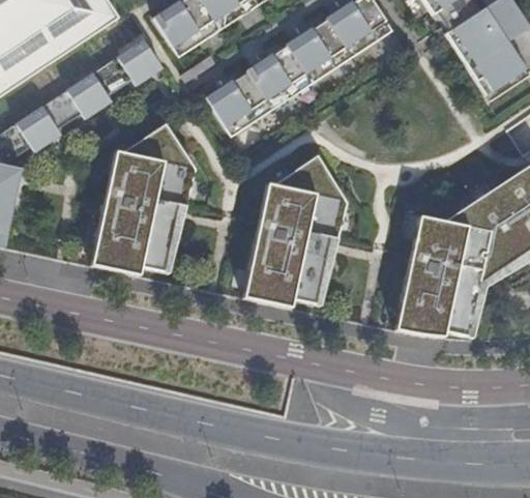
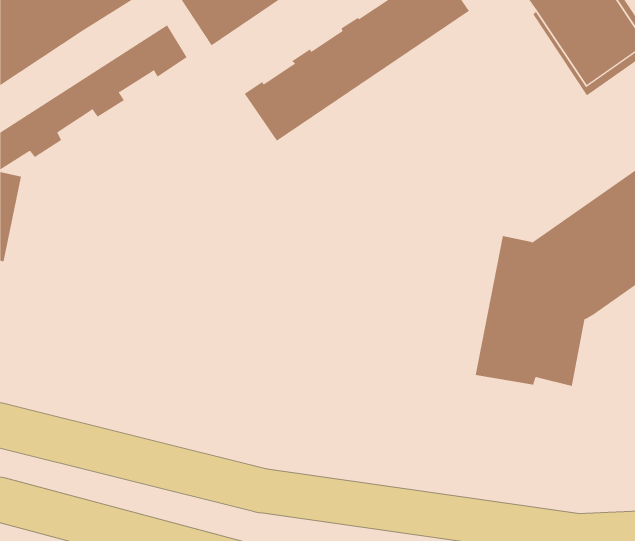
building: [93,123,195,272] -> none
building: [243,154,347,304] -> none

